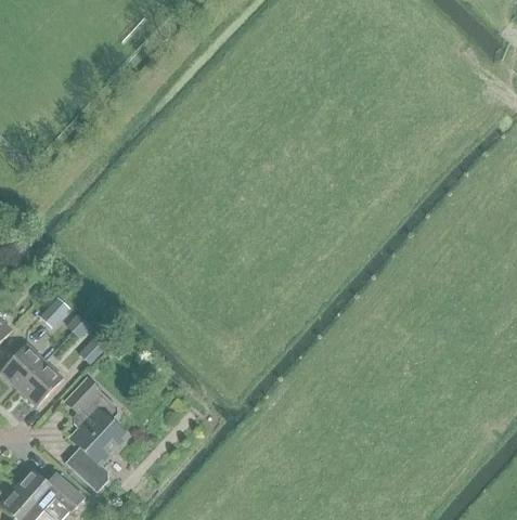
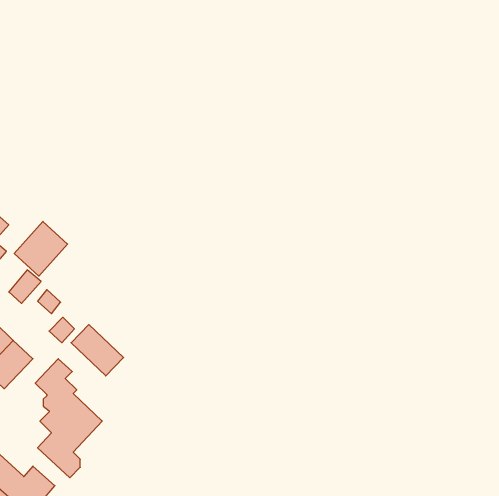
building: none -> [14,221,68,276]
building: none -> [71,325,124,376]

